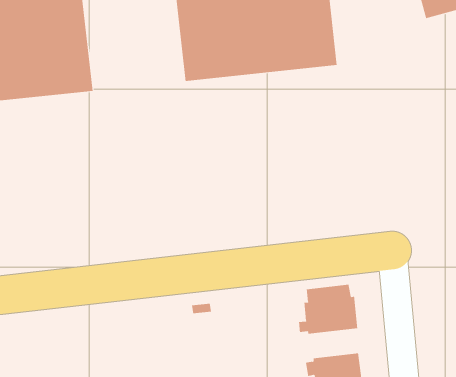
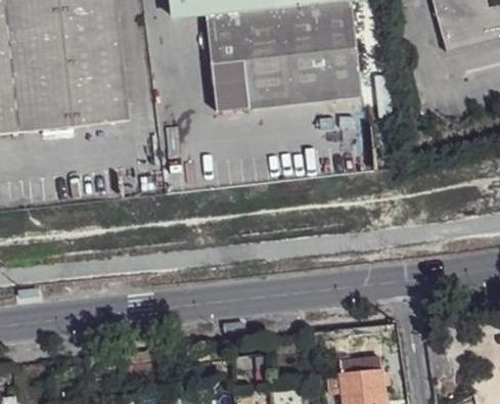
building: [299,284,358,334] -> none

